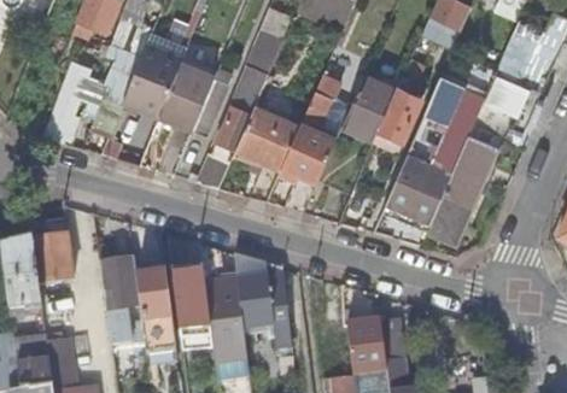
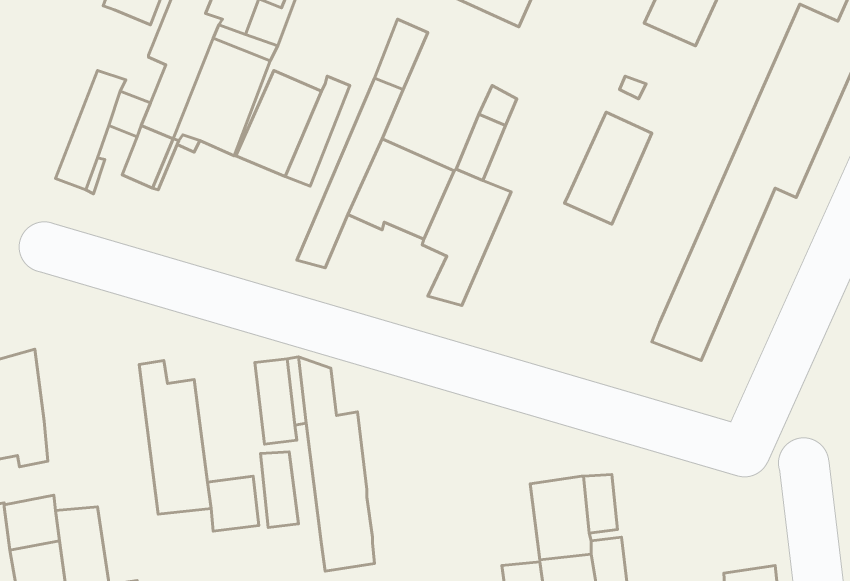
building: [384,60,496,222] -> none
building: [340,72,396,141] -> none
building: [33,234,75,285] -> none
building: [234,254,292,353] -> none
building: [136,272,171,323] -> none

